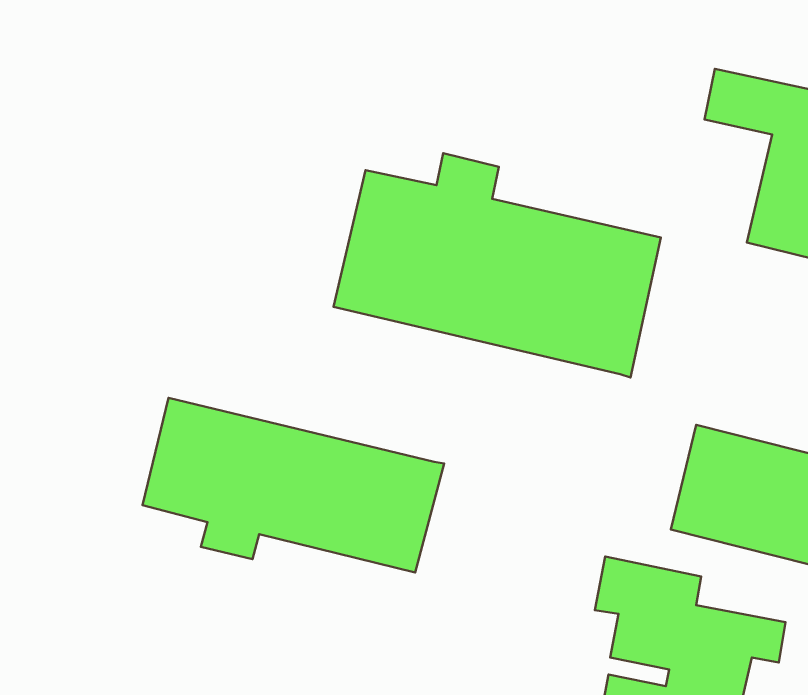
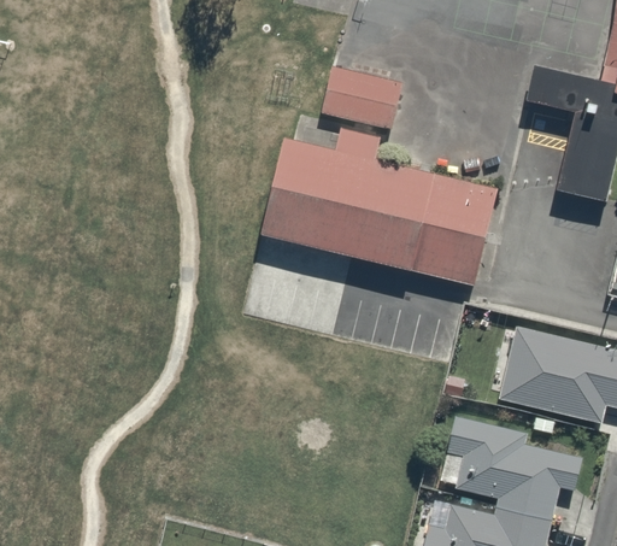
building: none -> [321,66,402,128]
building: [142,398,444,573] -> none

